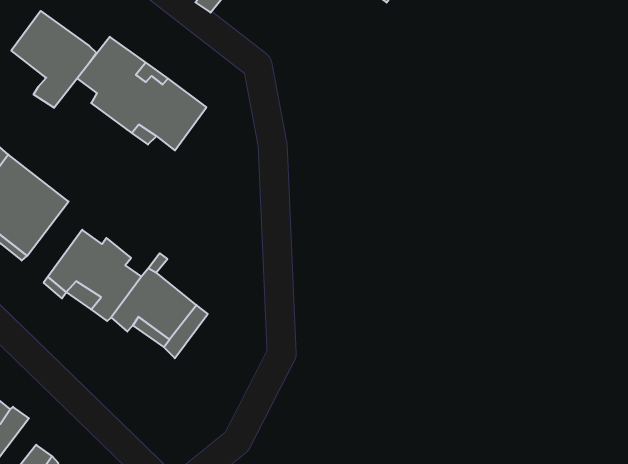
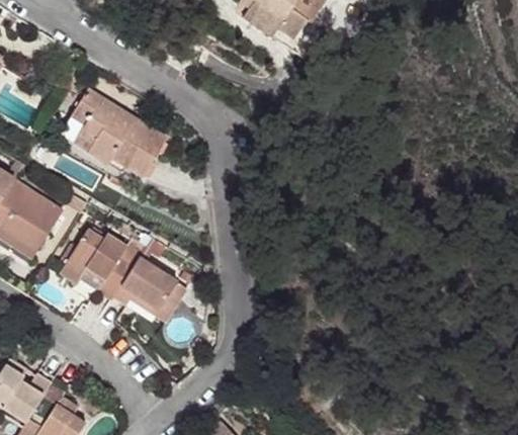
building: [11,11,96,108] -> none

